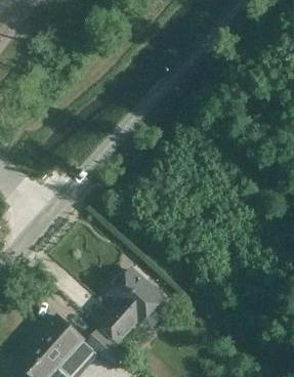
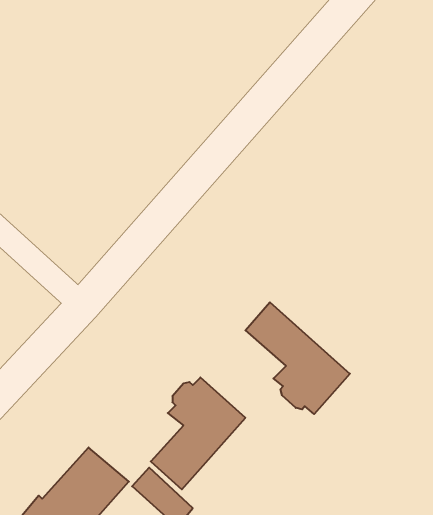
building: none -> [245,302,350,414]

